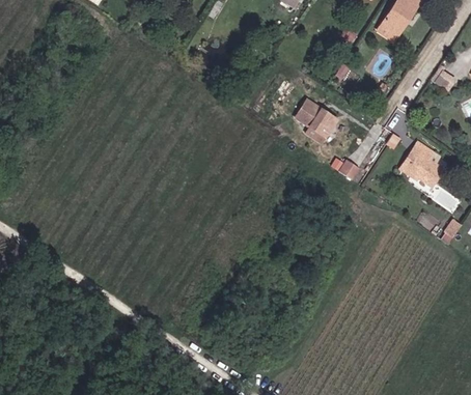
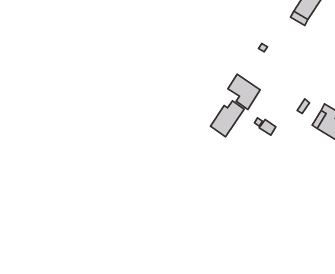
building: none -> [210,101,244,137]

